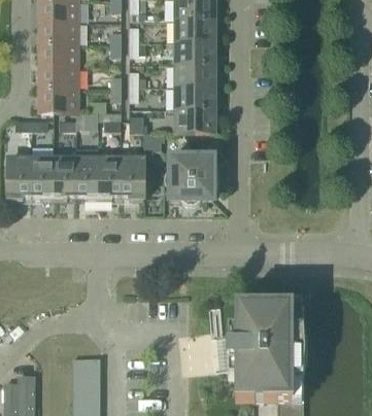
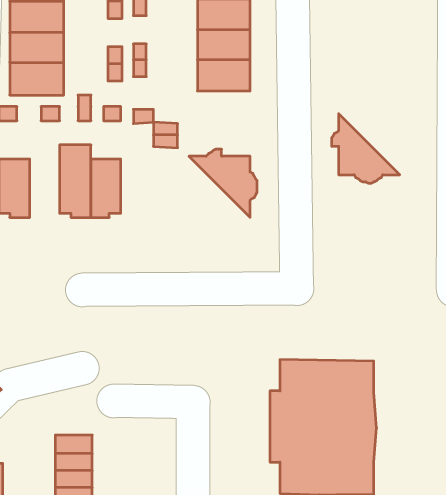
building: [175,108,213,132] -> none
building: [164,155,213,206] -> [332,114,400,183]
building: [54,158,75,200] -> none
building: [120,158,143,200] -> none

